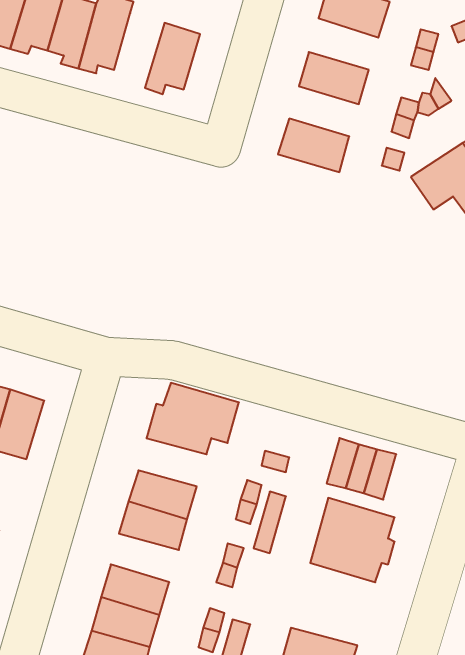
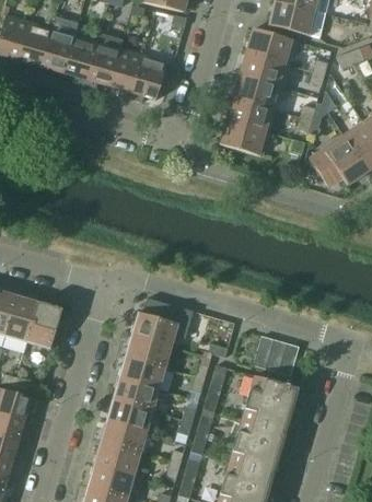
building: none -> [108,48,142,98]
building: none -> [240,51,287,86]
building: none -> [226,97,274,131]
building: none -> [125,335,171,367]
building: none -> [106,399,152,432]
building: none -> [190,413,220,455]
building: none -> [228,419,286,475]

